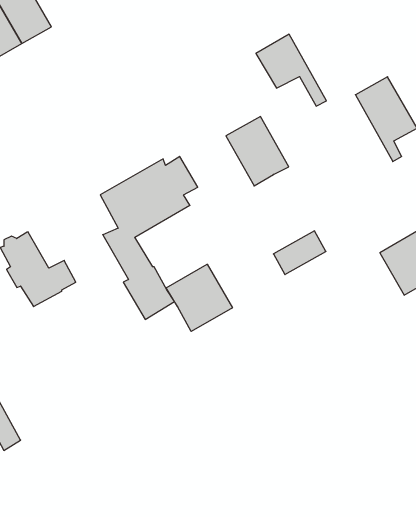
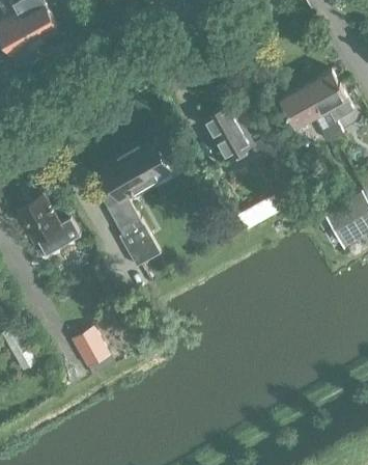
building: [256,34,326,106] -> [279,84,336,142]
building: [166,264,232,331] -> none
building: none -> [70,326,111,367]

